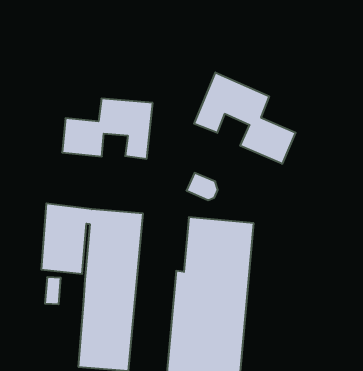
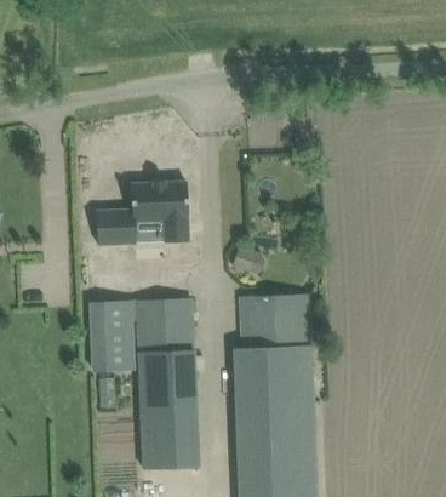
building: [194,72,296,164] -> none

